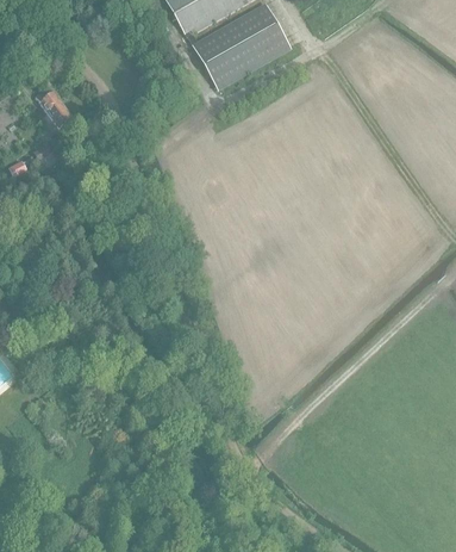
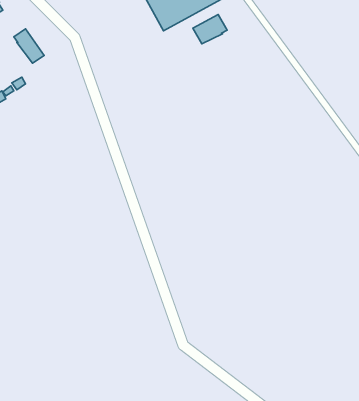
building: none -> [193,14,227,44]

